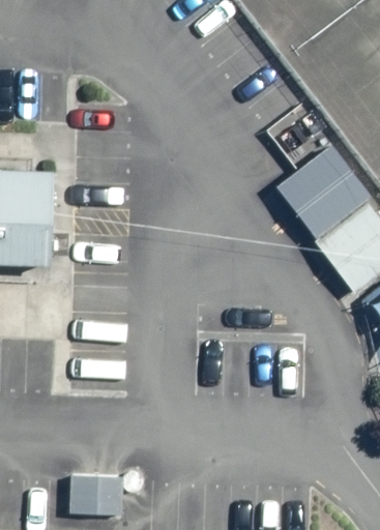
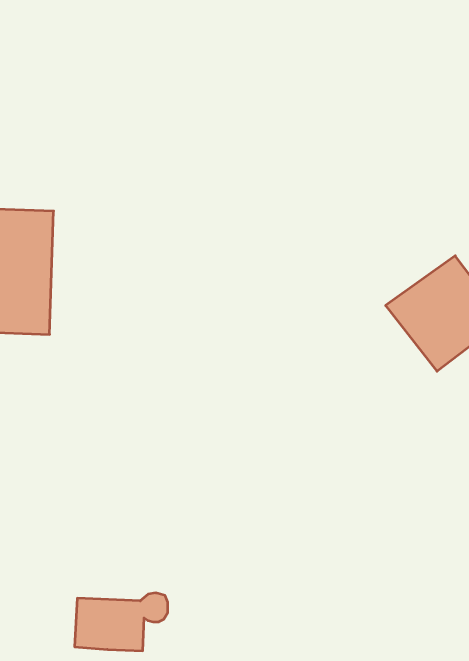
building: [276,148,370,239] -> none

